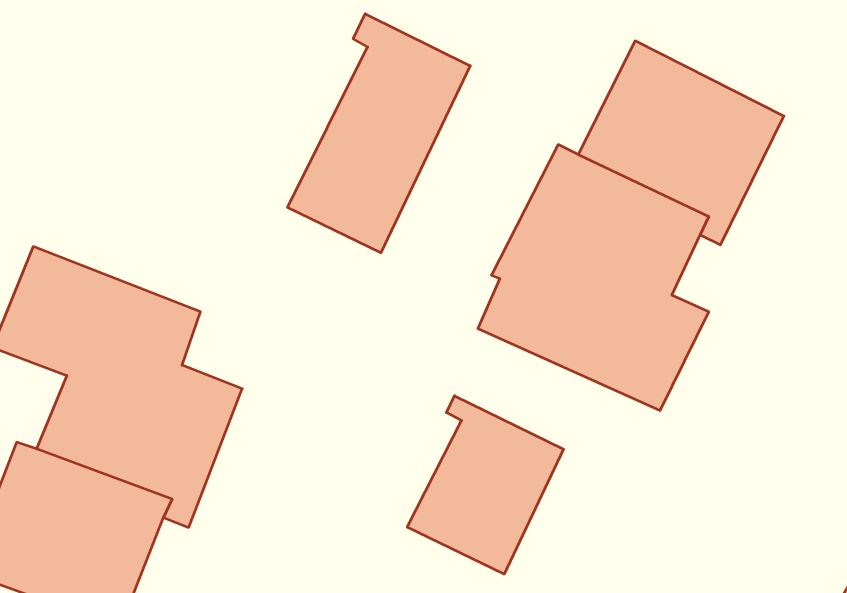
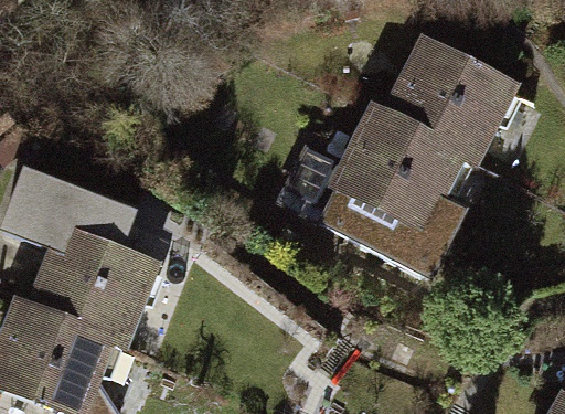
building: [288,14,470,253] -> none
building: [407,396,564,574] -> none

